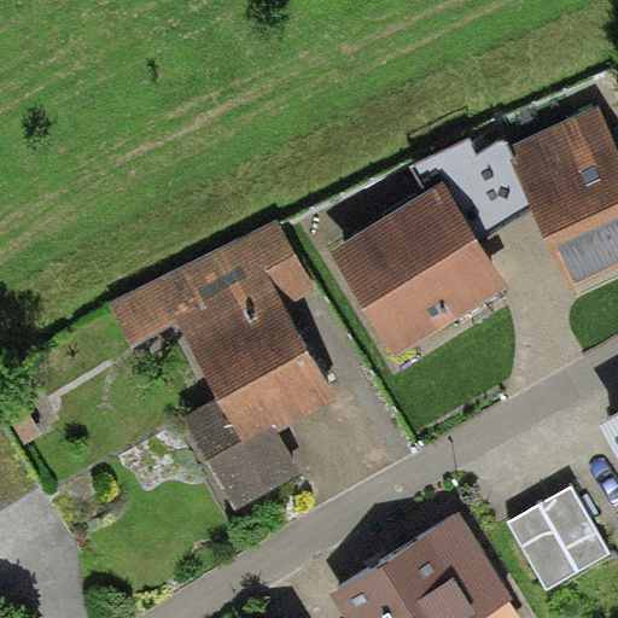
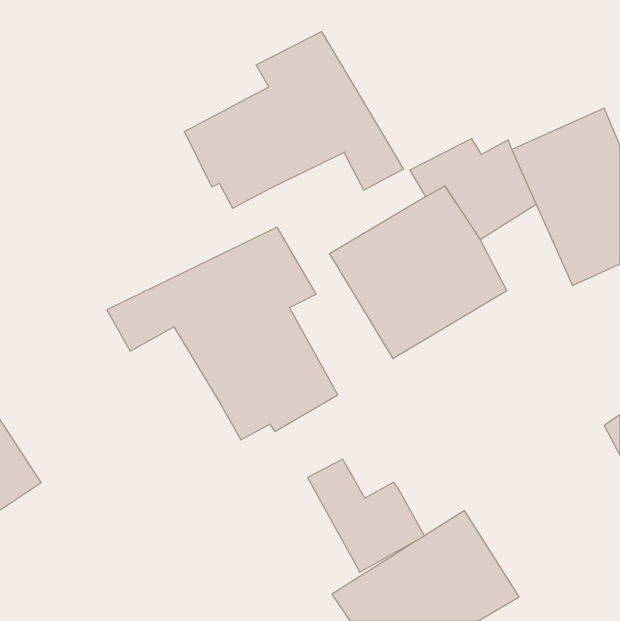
building: none -> [185,32,404,208]
building: [182,398,298,511] -> [308,459,424,572]
building: [505,485,607,589] -> none

